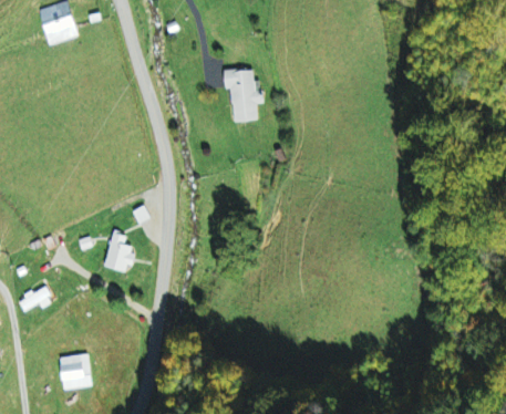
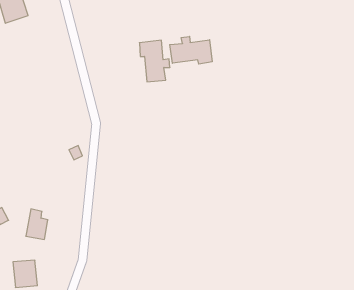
building: none -> [170,36,212,64]
building: [104,232,133,272] -> [26,209,48,239]

